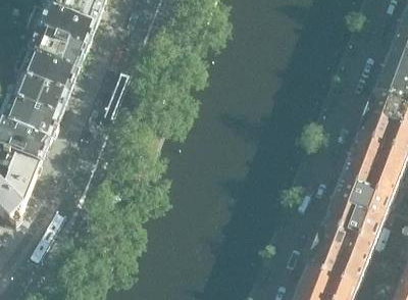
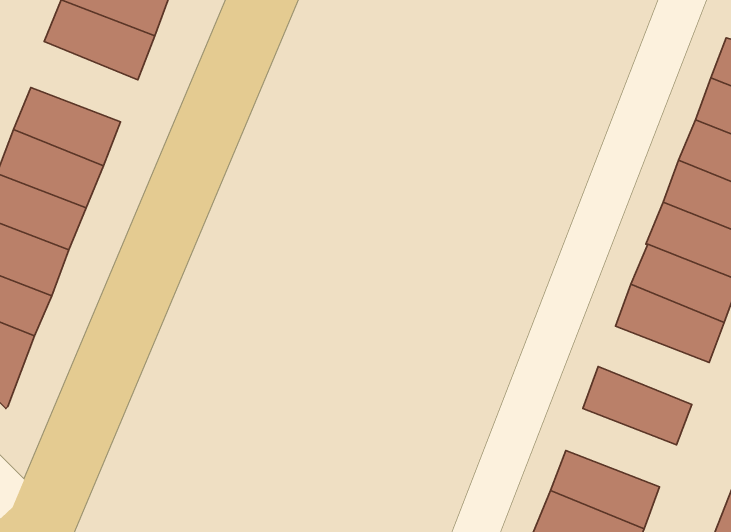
building: [27,27,86,69] -> none
building: [332,179,391,220] -> none
building: [314,222,373,264] -> none

